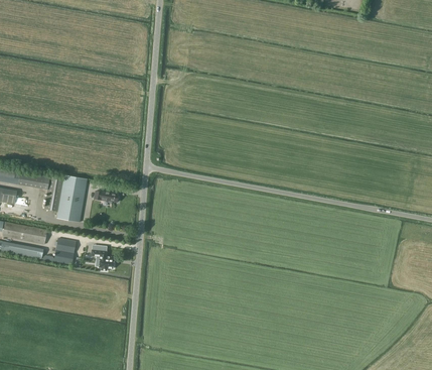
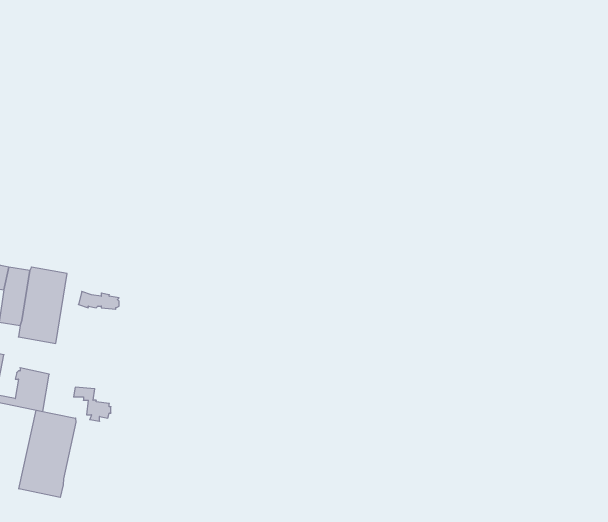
building: none -> [19,410,76,497]

